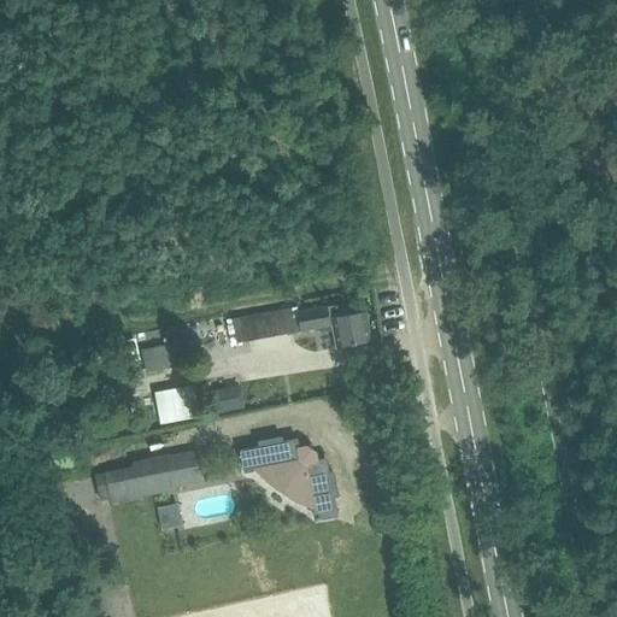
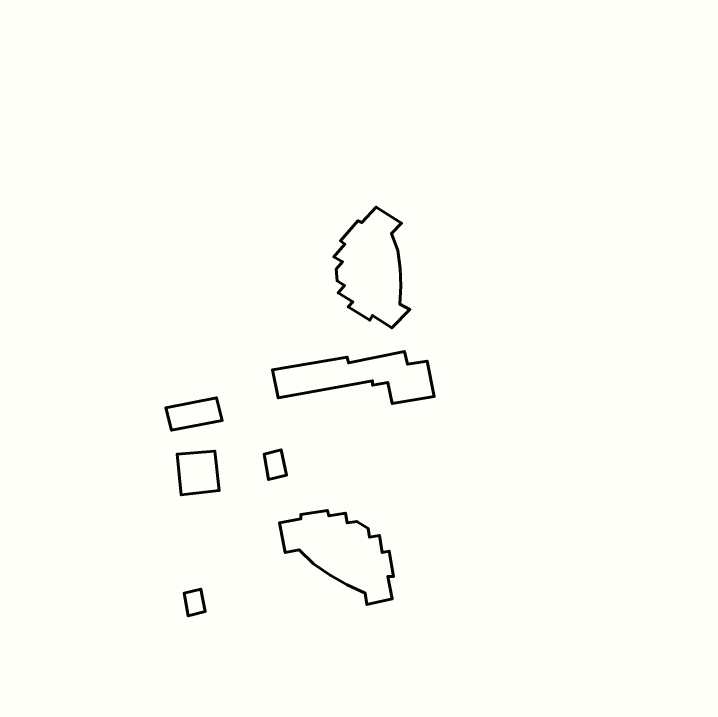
building: none -> [334,207,410,328]
building: [95,451,205,501] -> none

